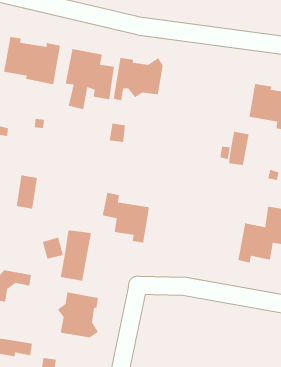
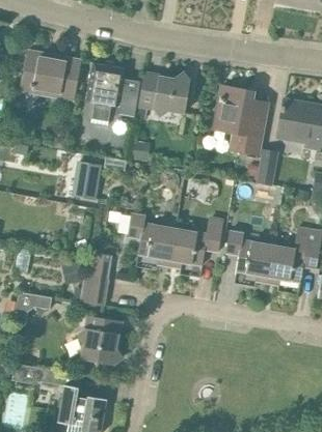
building: none -> [212,85,262,152]
building: [16,175,38,209] -> [78,163,101,199]
building: none -> [168,218,223,268]
building: none -> [225,231,273,284]

